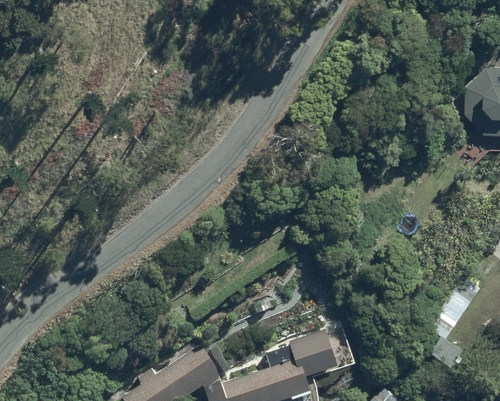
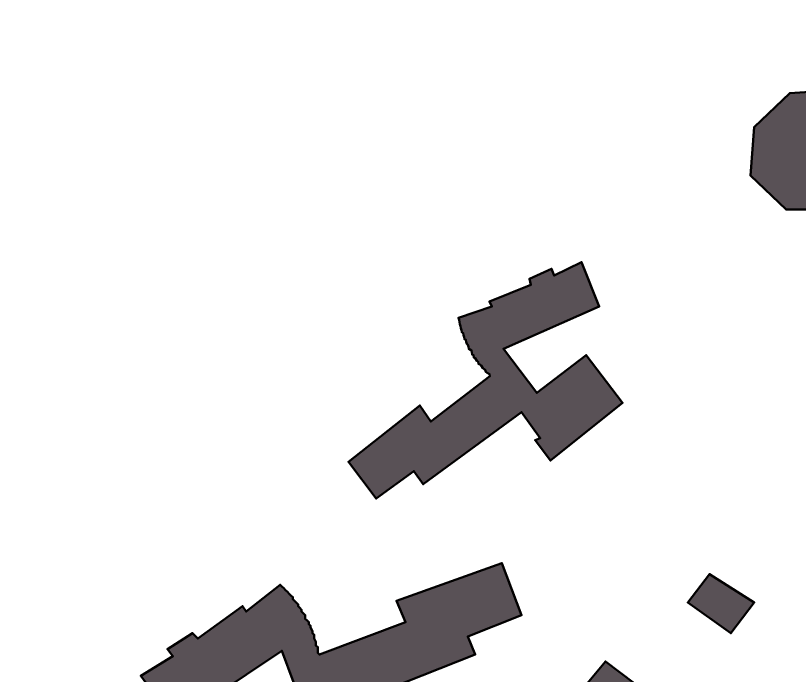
building: none -> [349,262,623,499]

